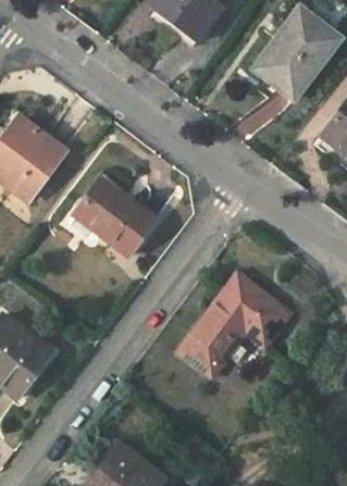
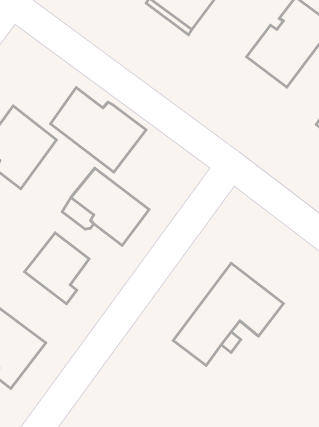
building: none -> [50,87,146,172]
building: none -> [24,233,89,304]

